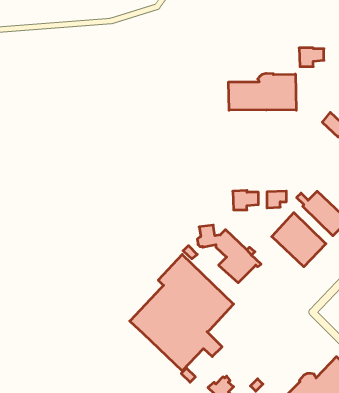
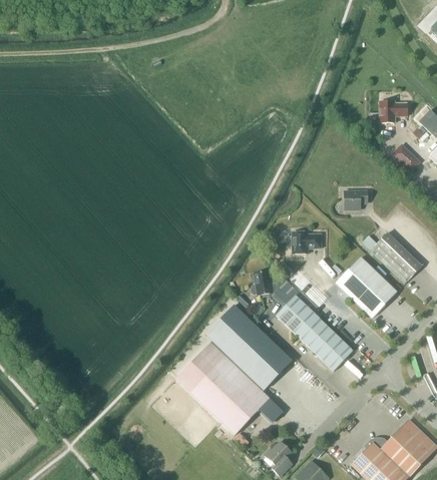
building: [299,48,324,67] -> [379,101,407,122]
building: [229,73,296,110] -> none
building: [267,191,286,208] -> [345,190,367,209]
building: none -> [298,316,354,371]

